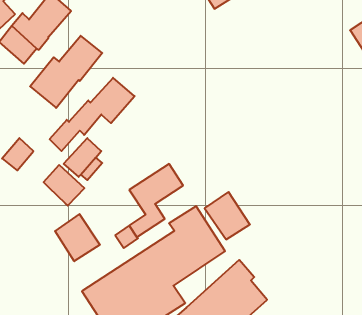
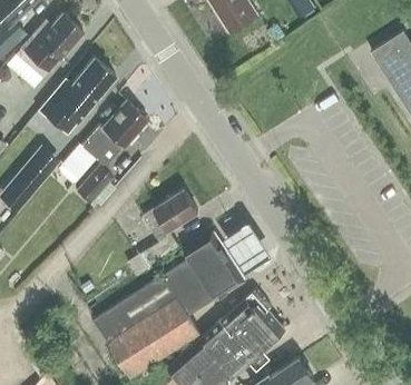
building: [44,165,84,206] -> none
building: [55,214,100,261] -> none

